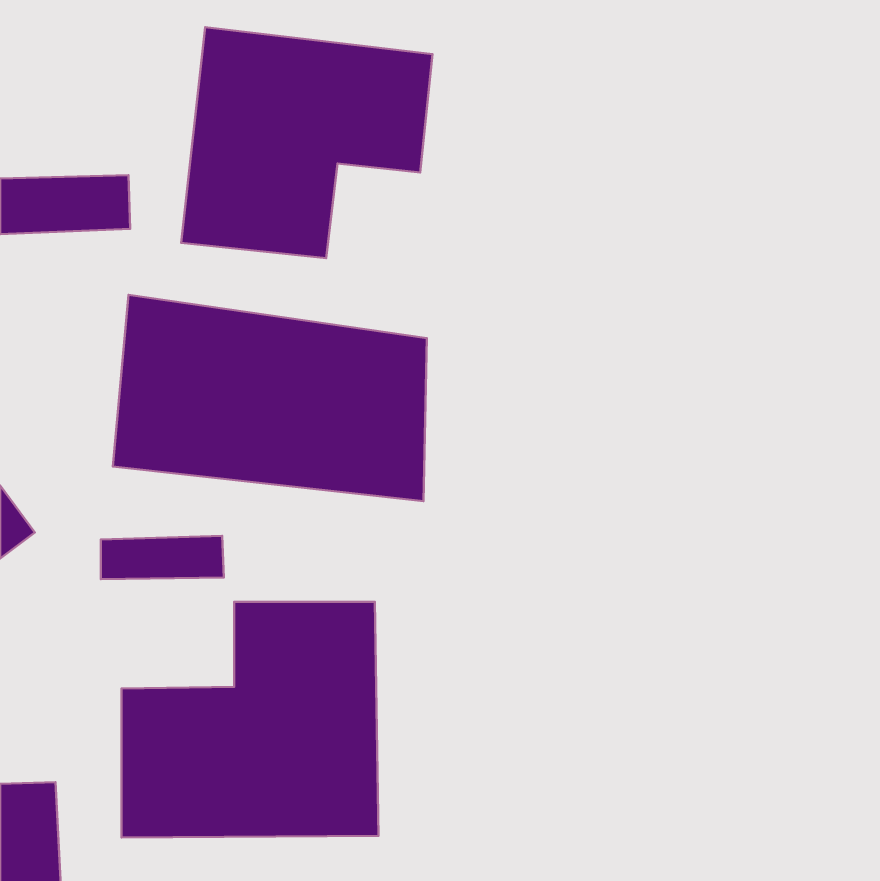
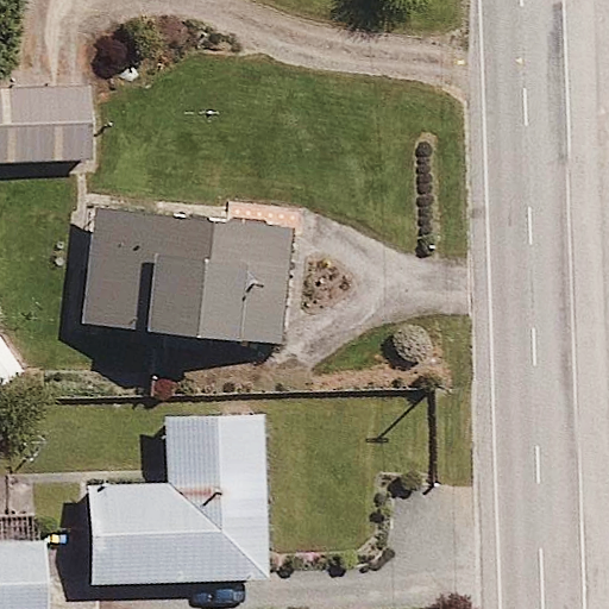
building: [181,27,432,258] -> none

